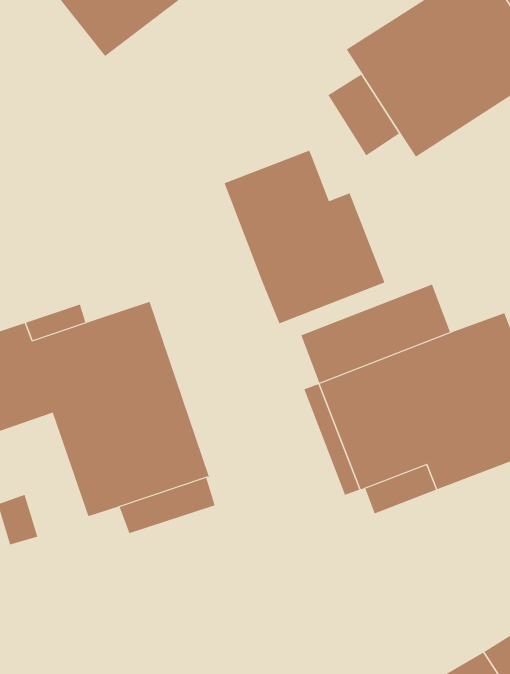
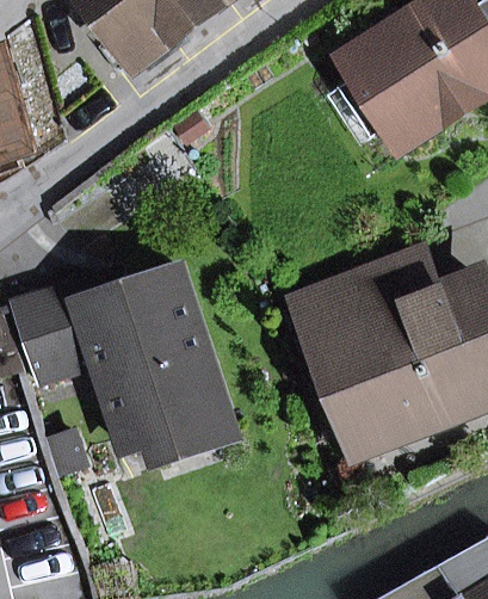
building: [224,150,385,324] -> none

